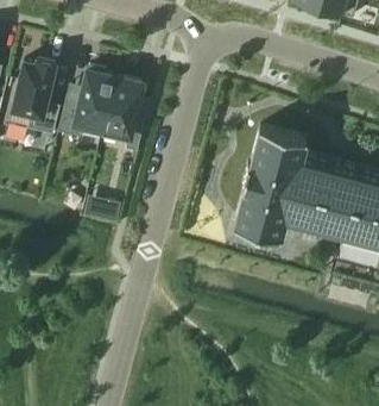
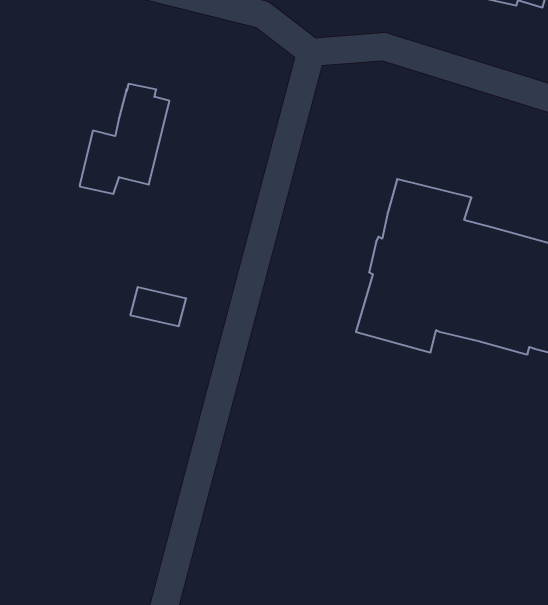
building: [12,60,58,133] -> none
building: [101,76,149,150] -> none

